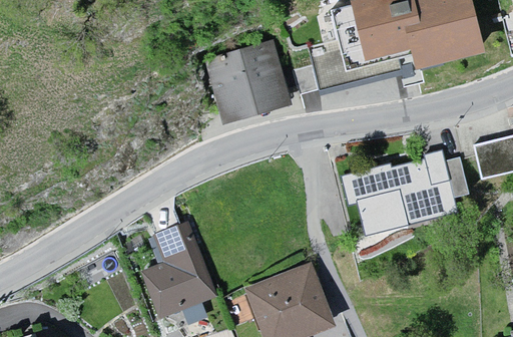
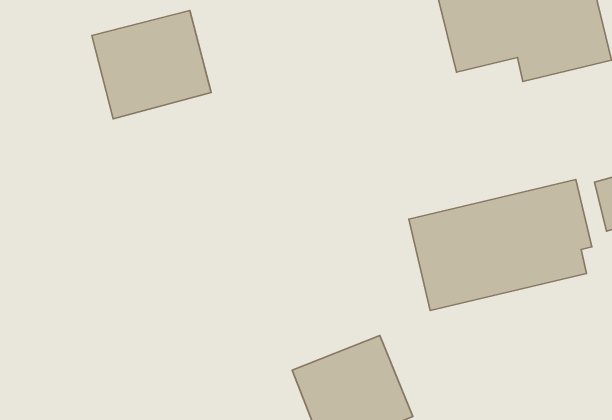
building: [203,41,294,123] -> [92,10,211,119]
building: [140,221,217,319] -> none

